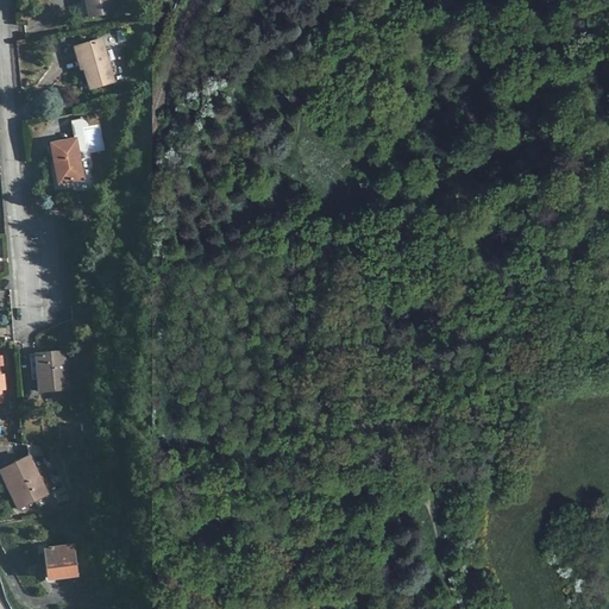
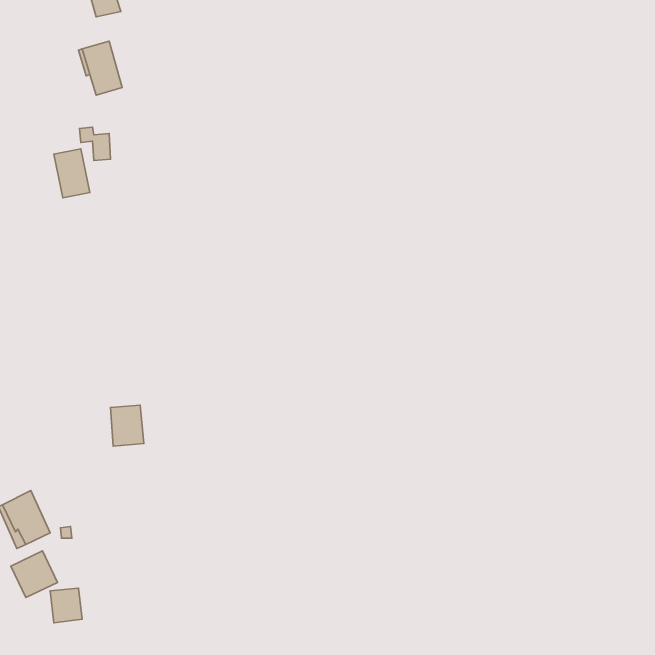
building: [36,351,67,389] -> [111,405,144,446]
building: none -> [11,551,57,598]

